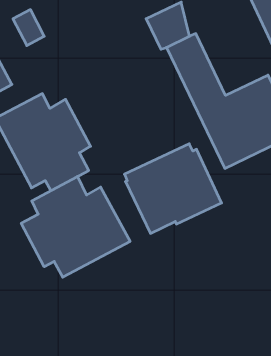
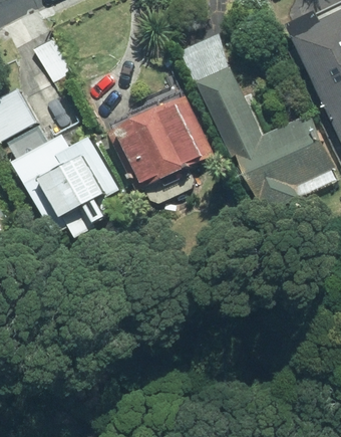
building: [124,144,222,233] -> [106,89,212,187]
building: [21,176,130,277] -> none

